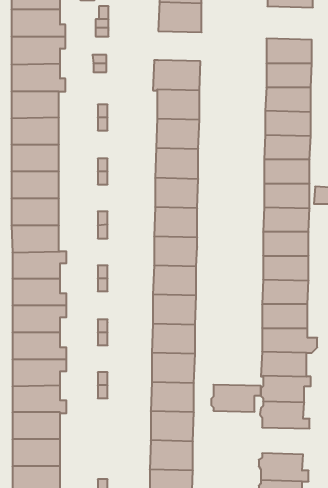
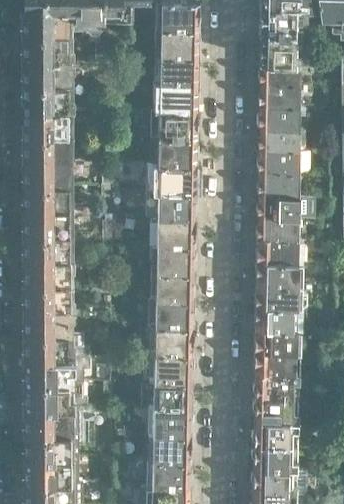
building: none -> [260,37,303,68]
building: none -> [160,60,200,88]
building: [211,385,261,412] -> [254,427,300,452]

